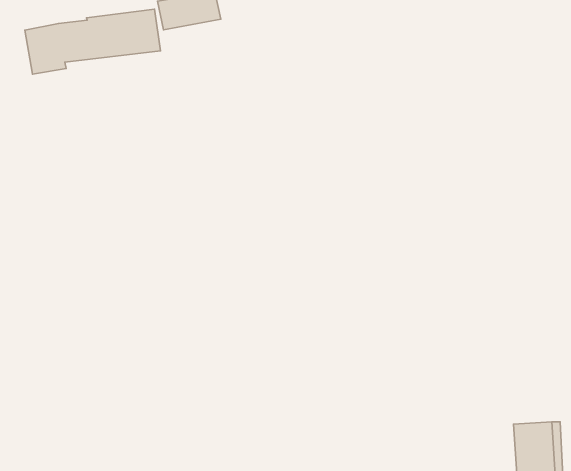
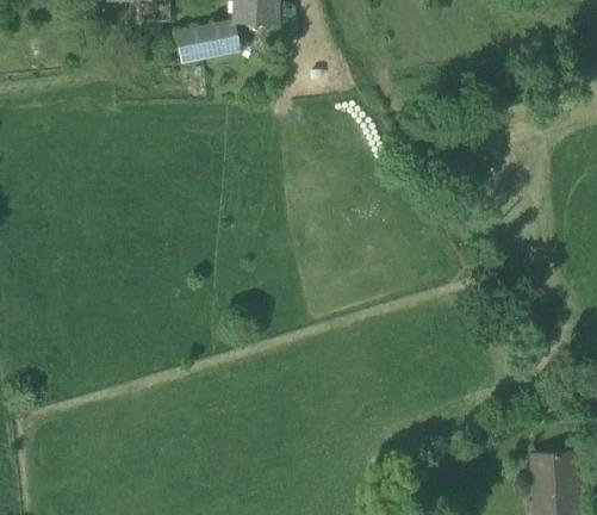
building: [25,9,160,74] -> none

